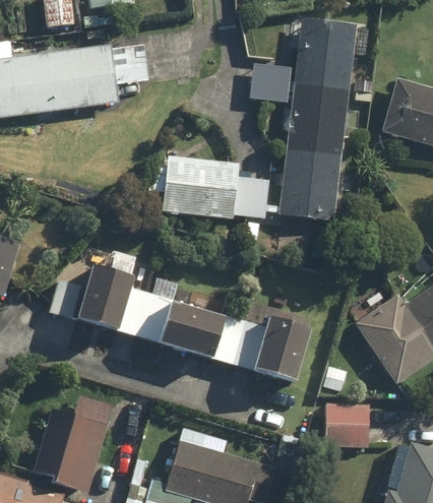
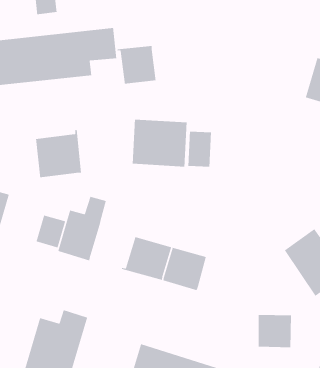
building: [250,16,370,221] -> none
building: none -> [116,45,156,84]
building: none -> [35,129,82,178]
building: [116,274,178,343] -> none
building: [249,320,305,389] -> none

